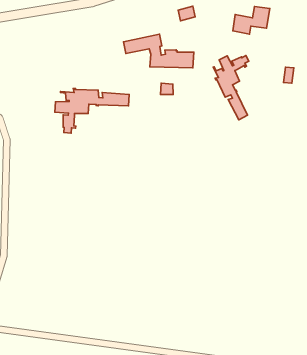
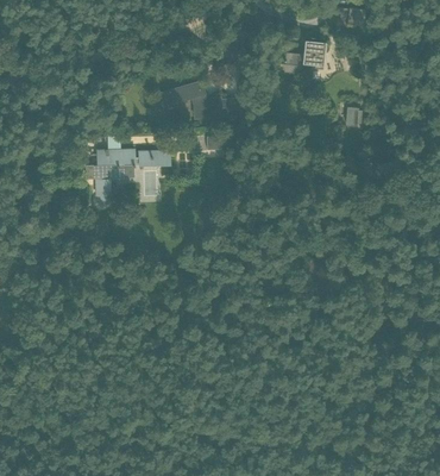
building: [213,56,249,120] -> none

